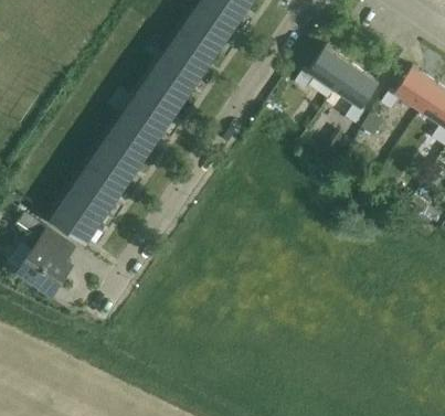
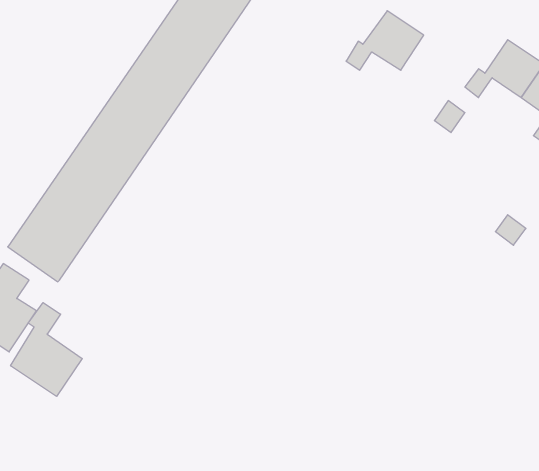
building: [336,64,379,124] -> none
building: none -> [11,303,82,396]

